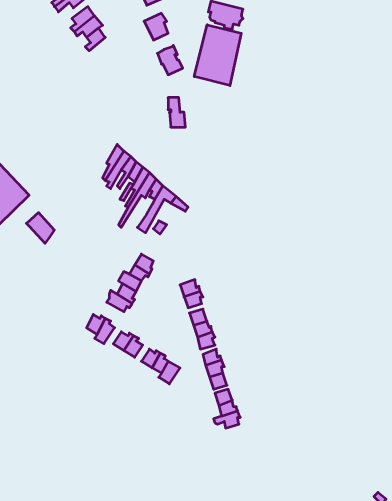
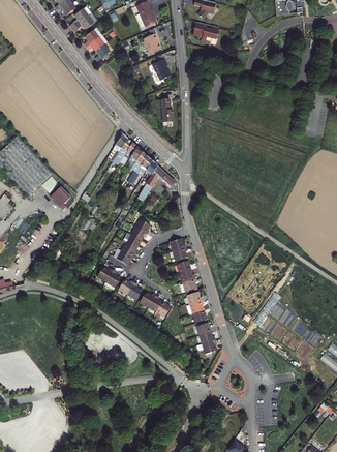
building: [194,25,241,86] -> none

